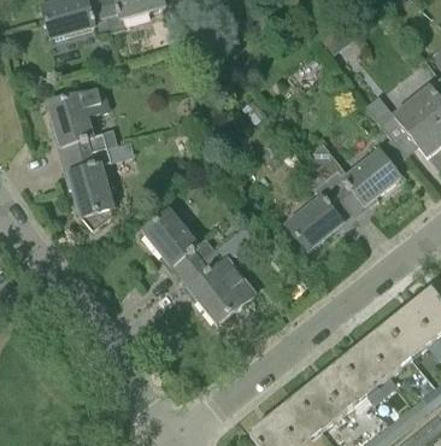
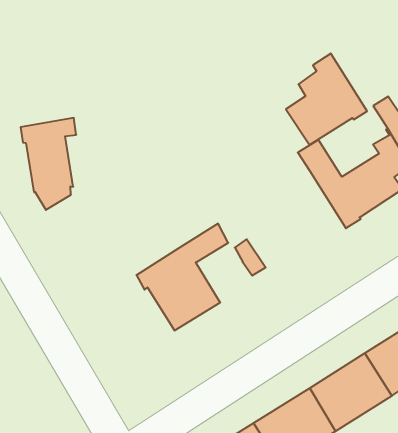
building: [47,86,117,160] -> none
building: [284,170,355,252] -> [286,53,367,145]
building: [142,209,214,278] -> none

